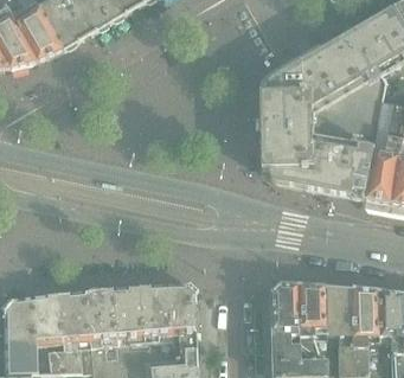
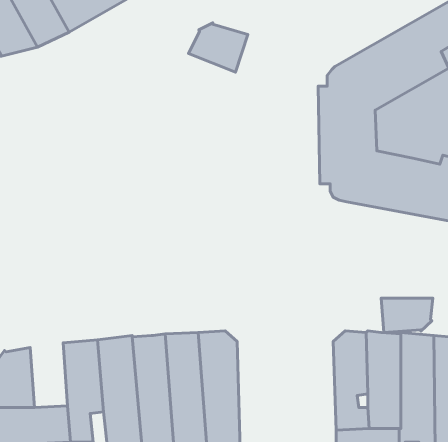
building: none -> [188,23,248,72]
building: none -> [381,298,433,333]
building: [32,293,62,344] -> none

